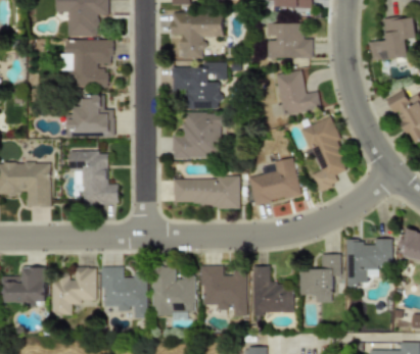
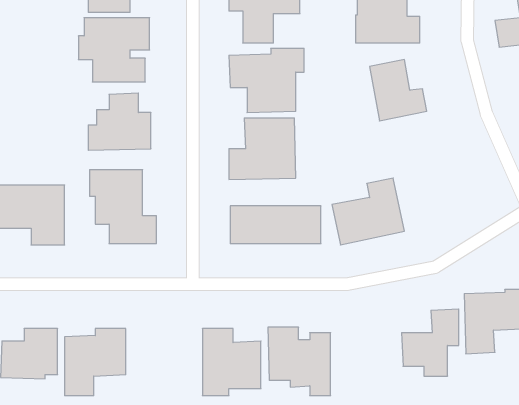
building: [301,117,348,191] -> none
building: [101,266,147,318] -> none
building: [251,266,293,313] -> none

